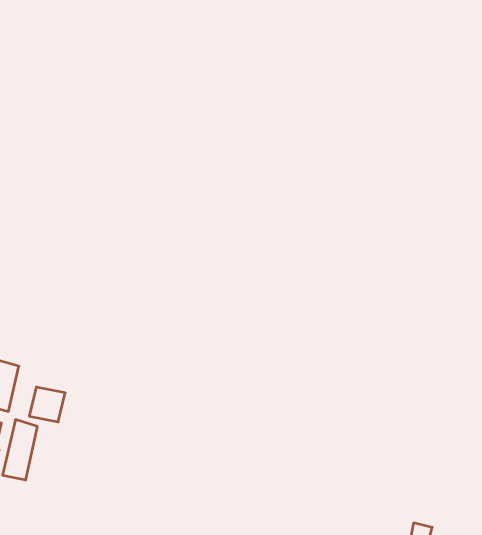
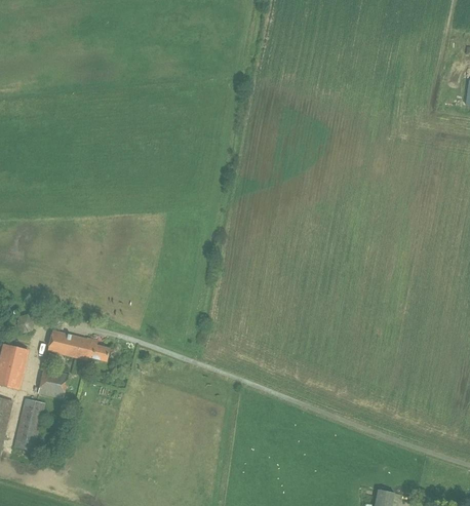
building: none -> [46,330,109,361]

